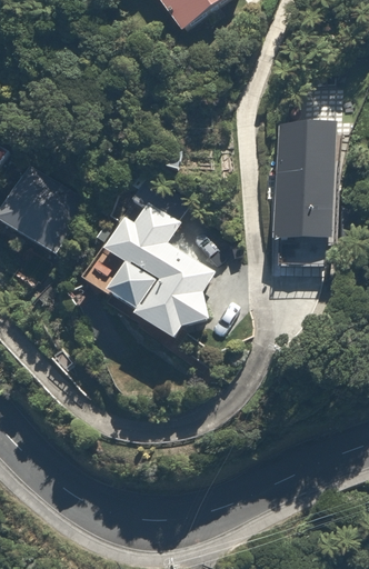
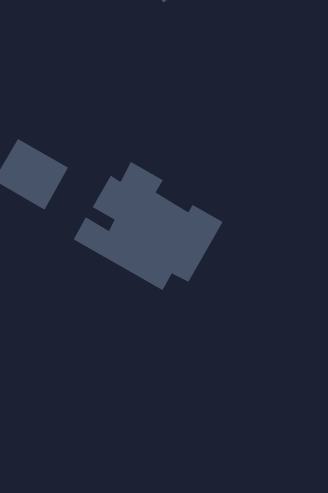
building: [267,123,341,246] -> none

